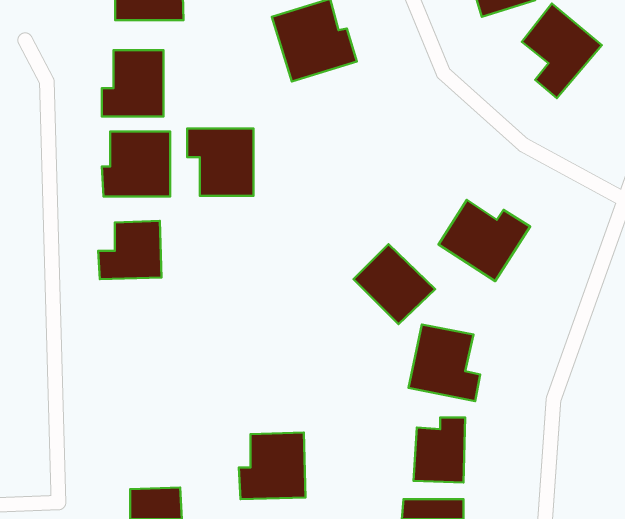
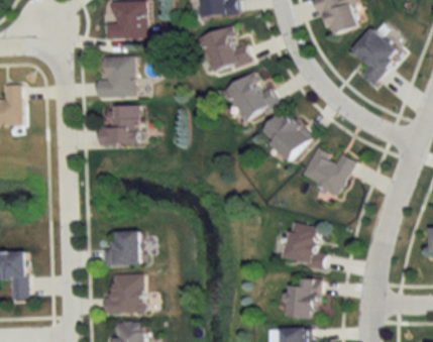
building: none -> [224,70,278,124]
building: [187,129,254,196] -> none
building: [98,221,161,279] -> [102,230,140,265]
building: [353,244,435,324] -> [260,111,310,159]
building: [239,433,305,499] -> [104,273,144,314]

